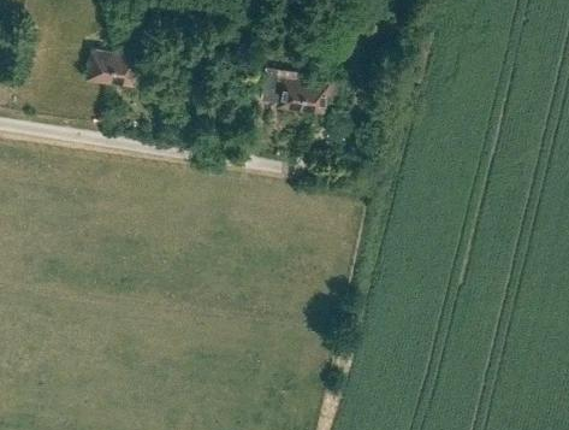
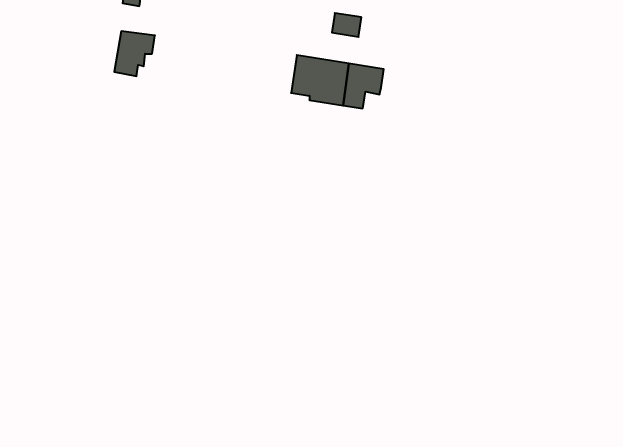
building: [84,47,113,82] -> none

